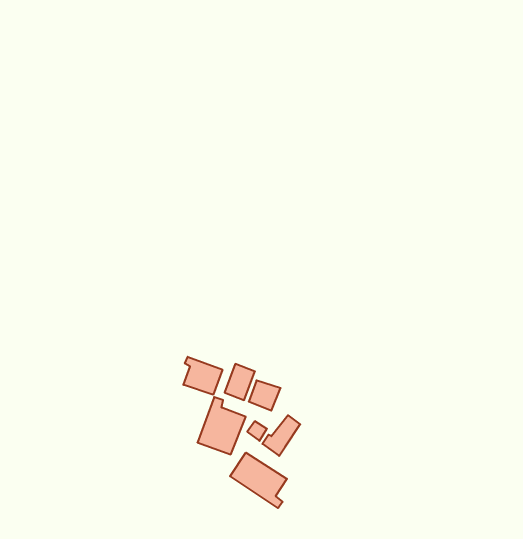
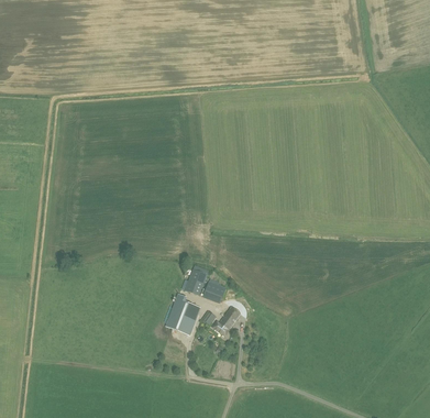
building: [183,357,222,395] -> none
building: [230,453,287,508] -> none

